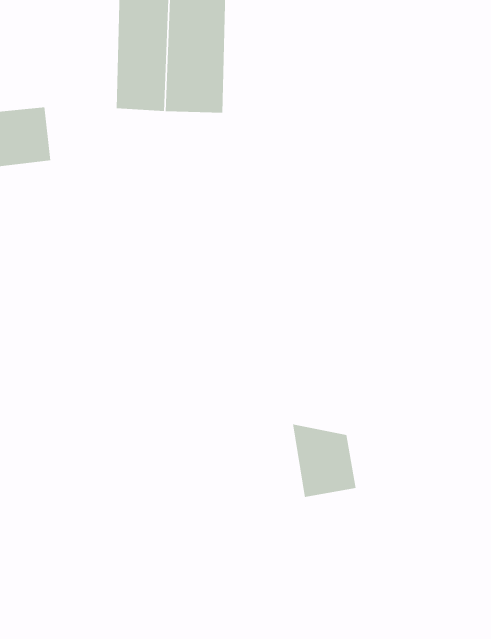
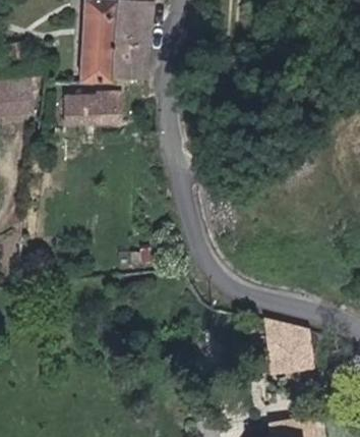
building: none -> [64,92,125,128]
building: [292,424,356,498] -> [262,323,305,372]

